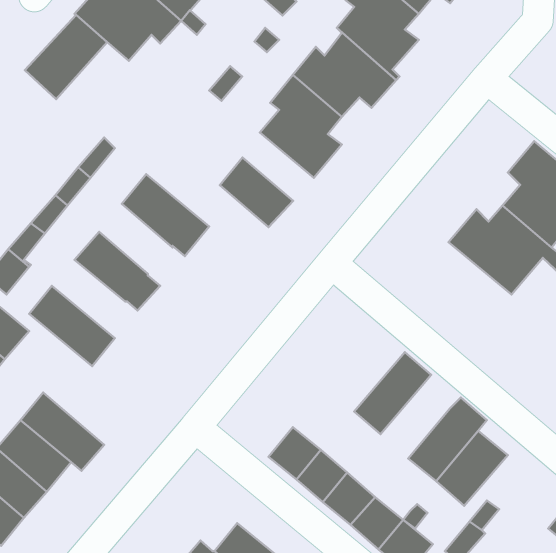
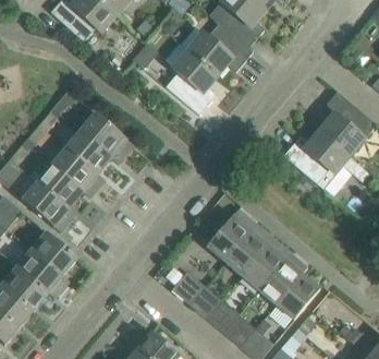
building: [25,15,107,99] -> none
building: [220,157,293,227] -> [65,131,111,175]
building: none -> [36,166,82,215]
building: none -> [207,208,256,261]
building: none -> [30,230,77,282]
building: none -> [241,238,291,290]

